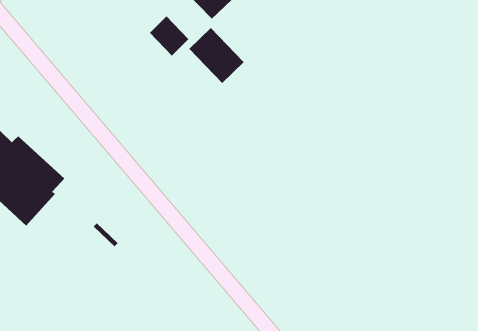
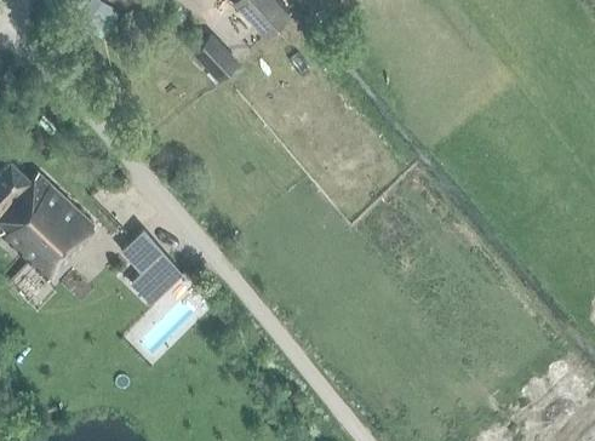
building: [189,27,244,84] -> none
building: none -> [125,231,183,290]

